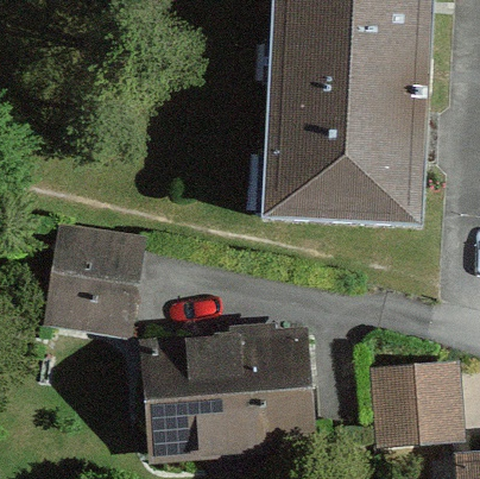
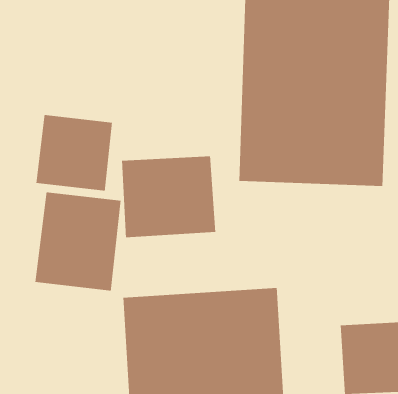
building: none -> [35,114,113,192]
building: none -> [121,155,216,238]

